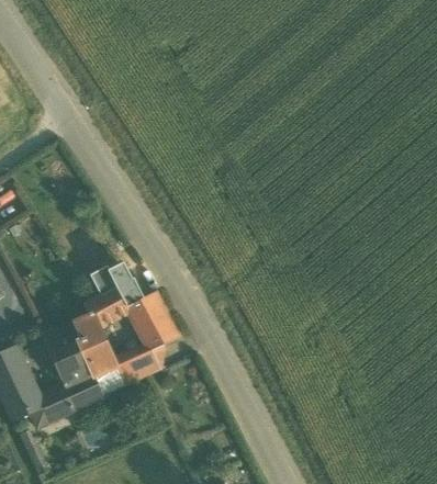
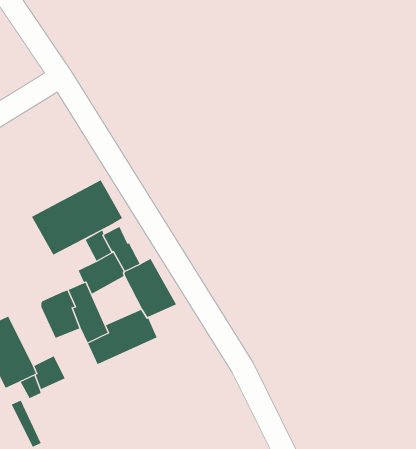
building: none -> [31,179,123,256]
building: [60,361,102,409] -> none

